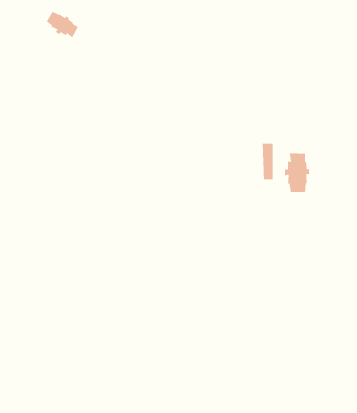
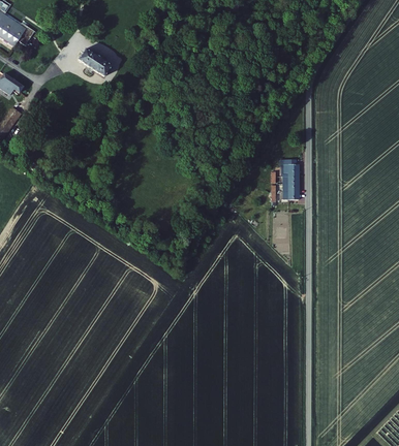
building: [284,153,310,193] -> none

